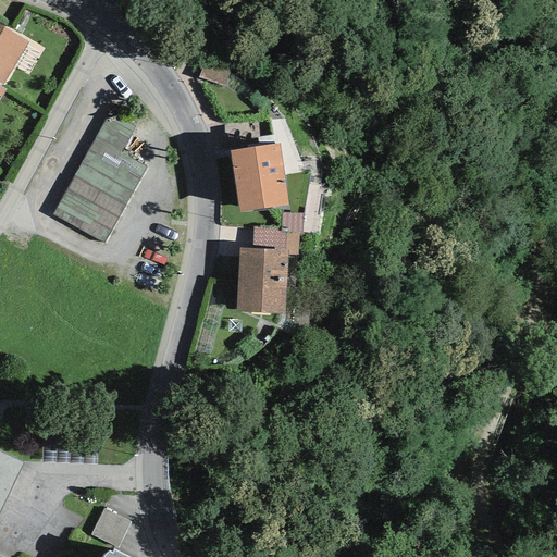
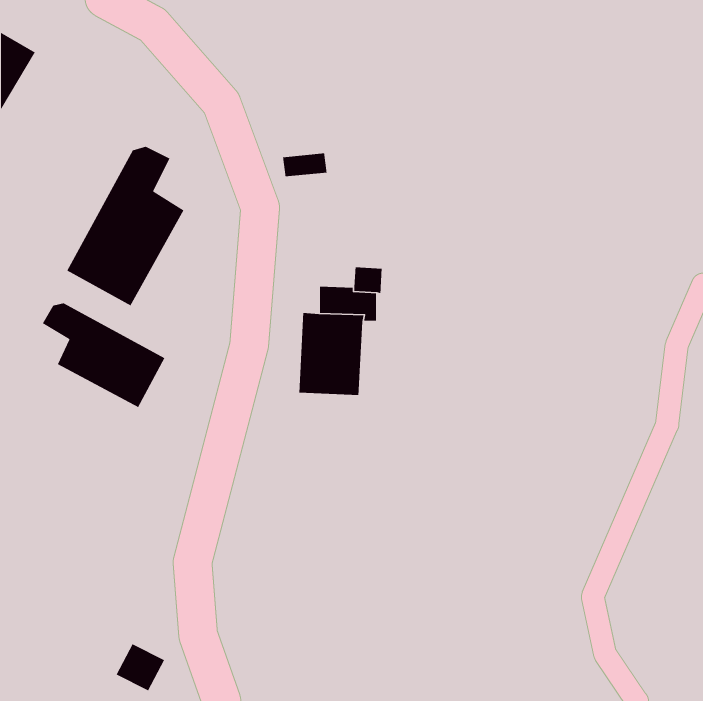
building: [230,143,288,211] -> none
building: none -> [42,303,166,408]

